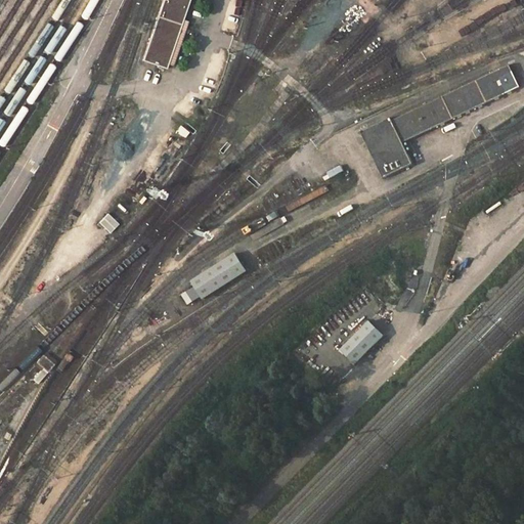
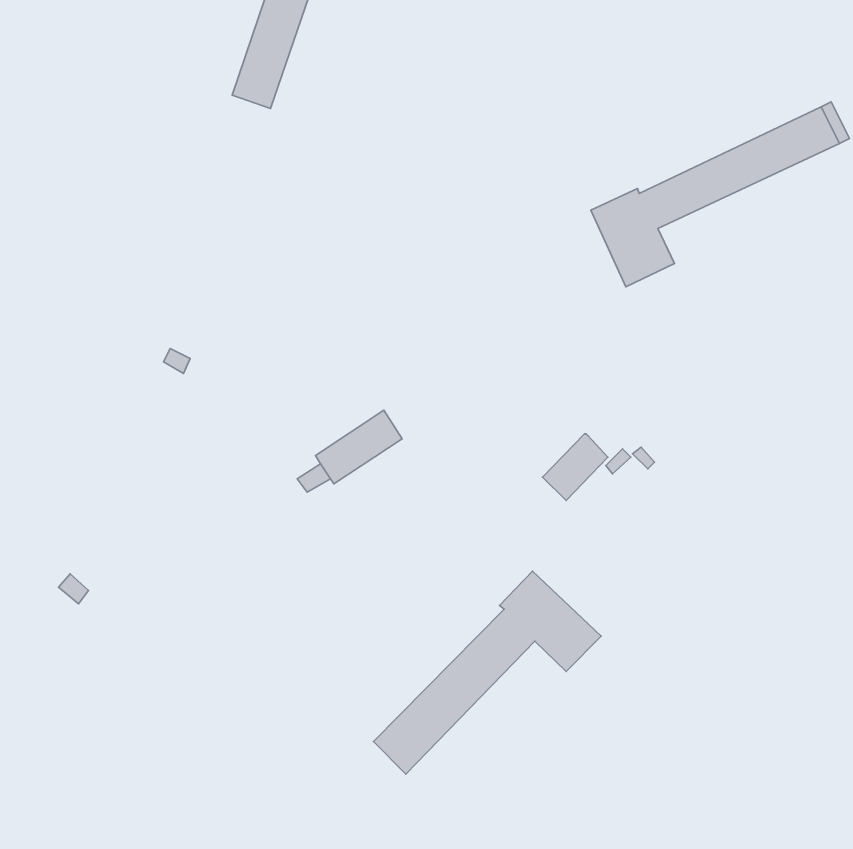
building: [343,320,383,361] -> [543,434,608,500]
building: none -> [373,571,601,774]

